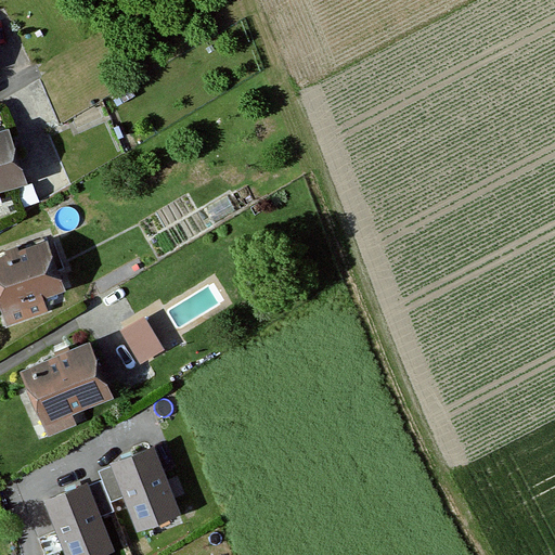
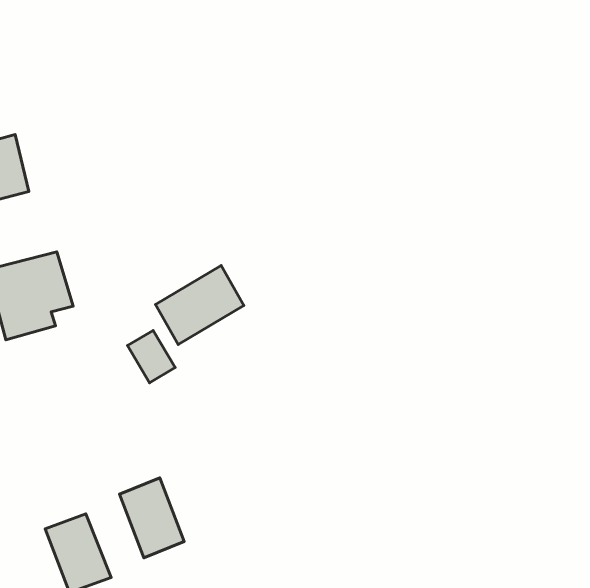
building: none -> [155,265,244,344]
building: [24,343,115,437] -> none

